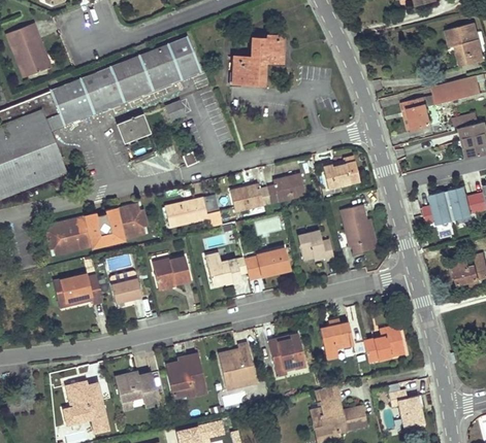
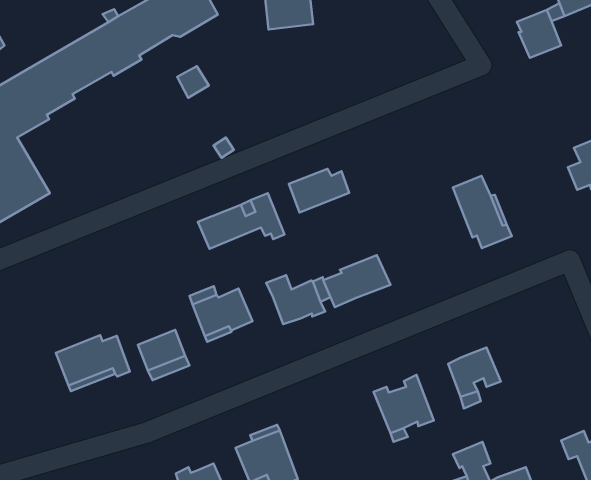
building: [119,115,147,140] -> none
building: [322,157,359,190] -> none
building: [267,174,305,203] -> none
building: [44,204,145,254] -> none
building: [297,231,334,262] -> none
building: [363,325,403,361] -> none
building: [218,343,256,389] -> none

